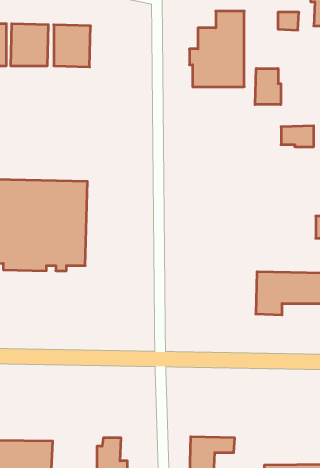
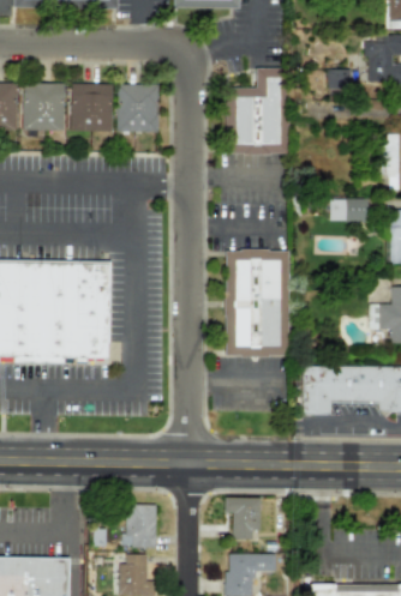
building: none -> [116,83,160,132]
building: [255,68,281,105] -> none
building: none -> [225,249,289,355]
building: none -> [225,496,262,540]
building: none -> [124,504,157,547]

